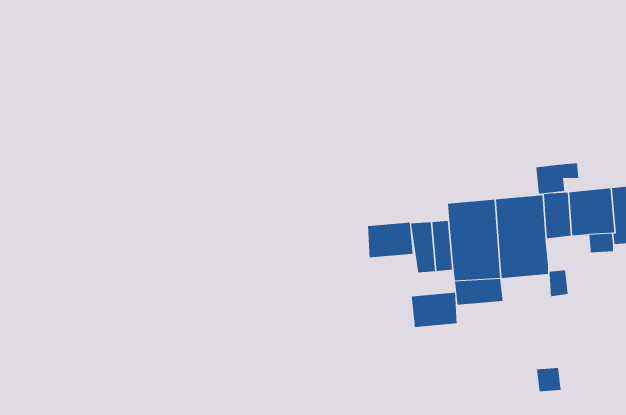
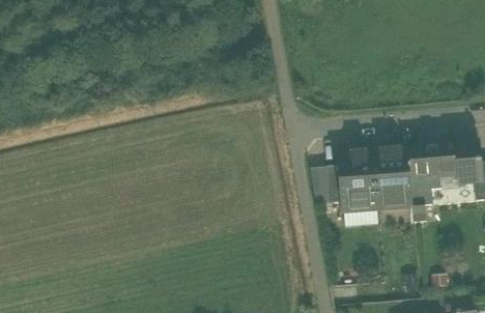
building: [536,163,579,194] -> [410,176,443,199]
building: [368,222,413,258] -> none
building: [411,292,457,328] -> none

